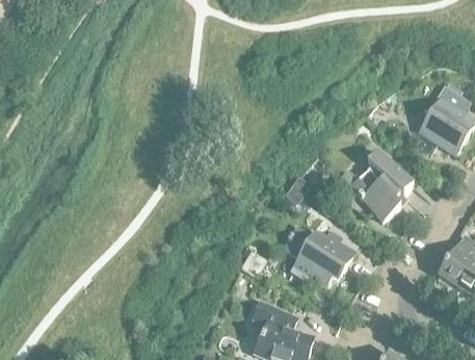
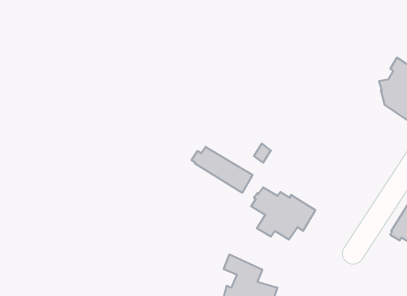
building: [336,151,414,221] -> none
building: none -> [192,147,252,193]

